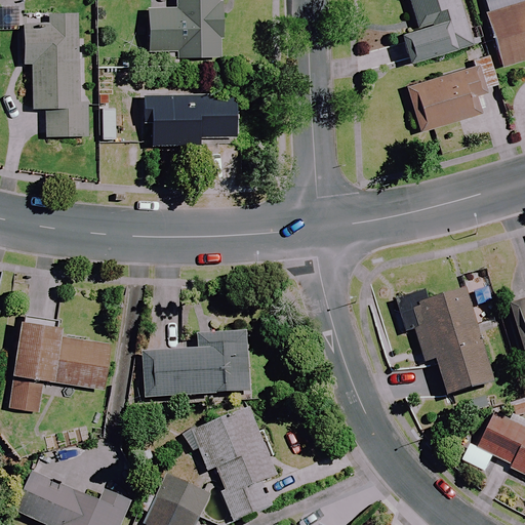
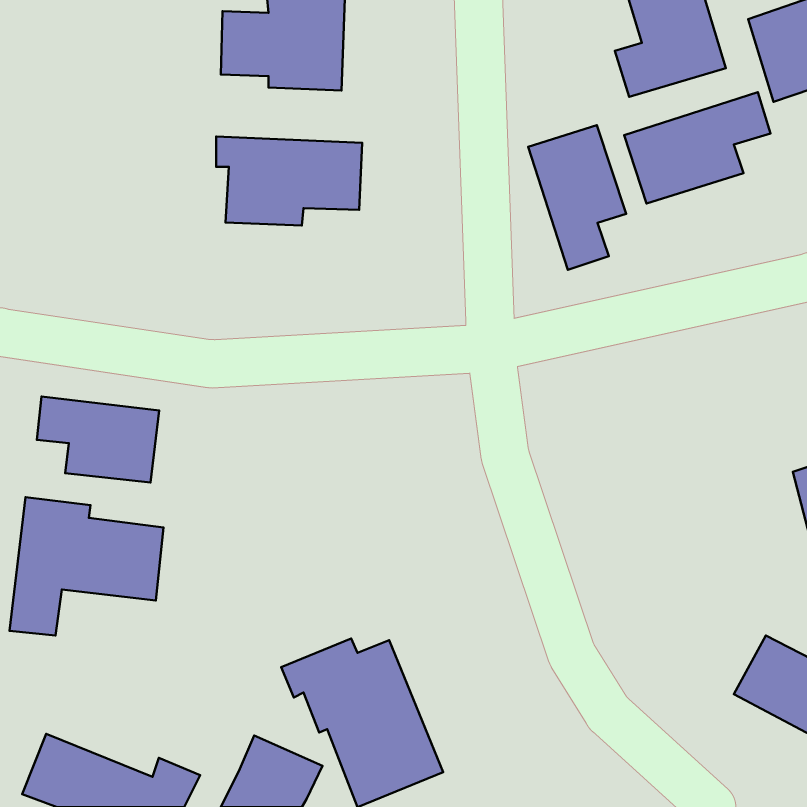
building: [23,14,88,135] -> none
building: none -> [528,125,626,270]
building: none -> [37,396,159,482]
building: [406,291,494,398] -> none
building: [144,331,253,398] -> none

